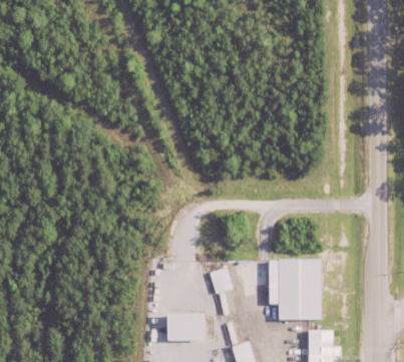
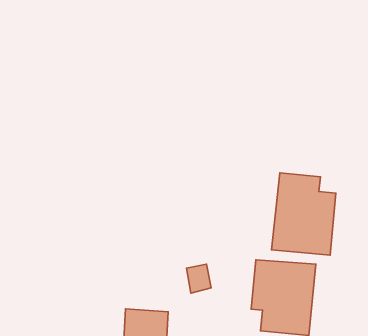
building: none -> [271,173,336,255]

